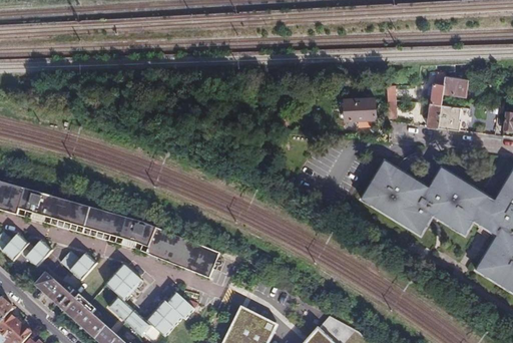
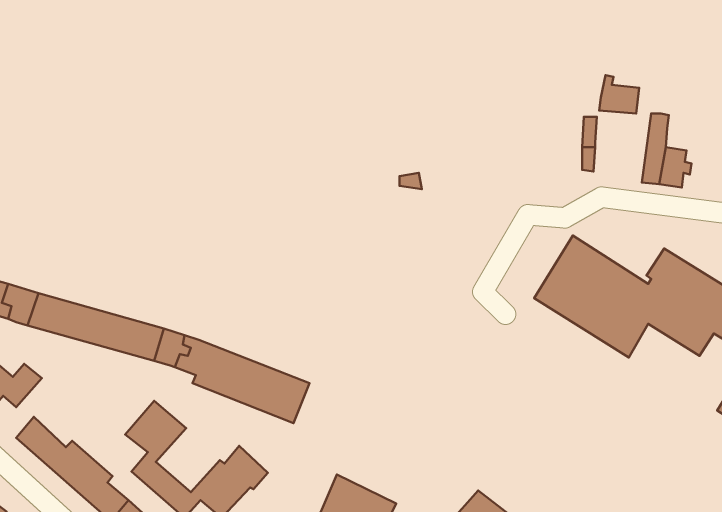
building: [443,70,468,94] -> [599,75,639,114]
building: [345,98,376,122] -> none
building: [60,250,97,280] -> none

